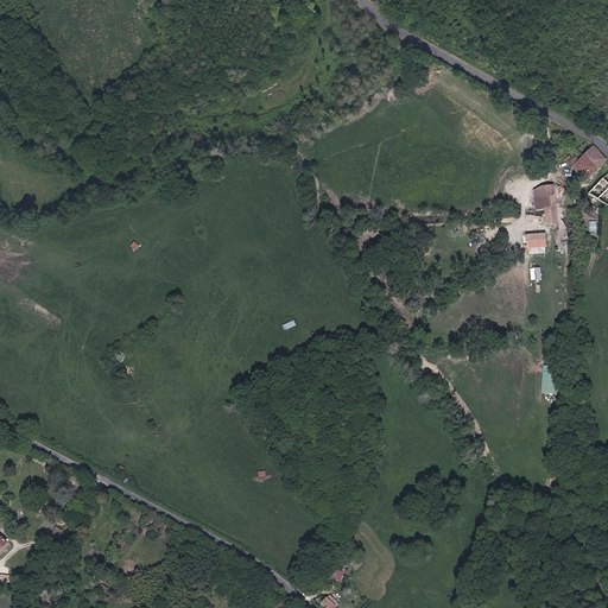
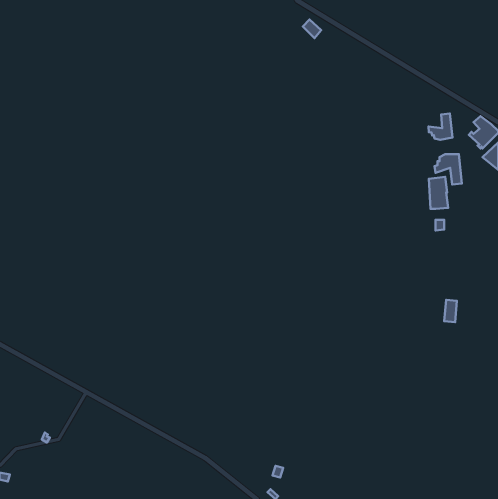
building: none -> [429,114,452,140]

